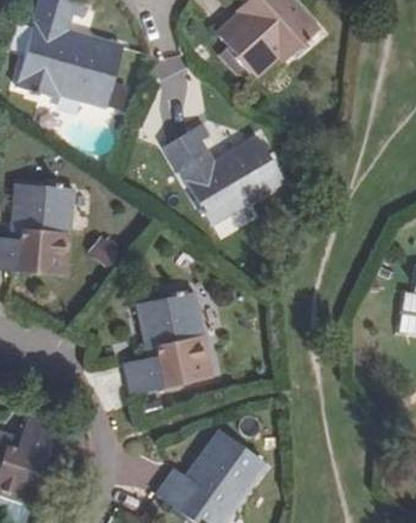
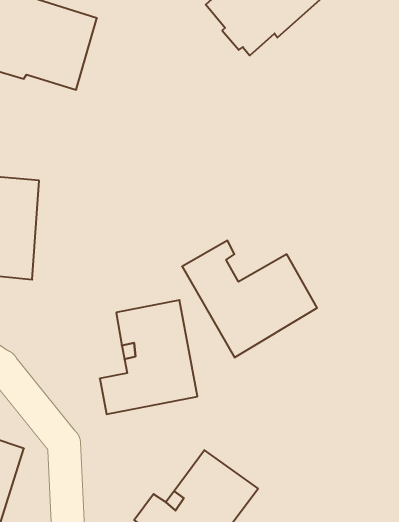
building: [164,121,283,224] -> [182,241,317,357]

